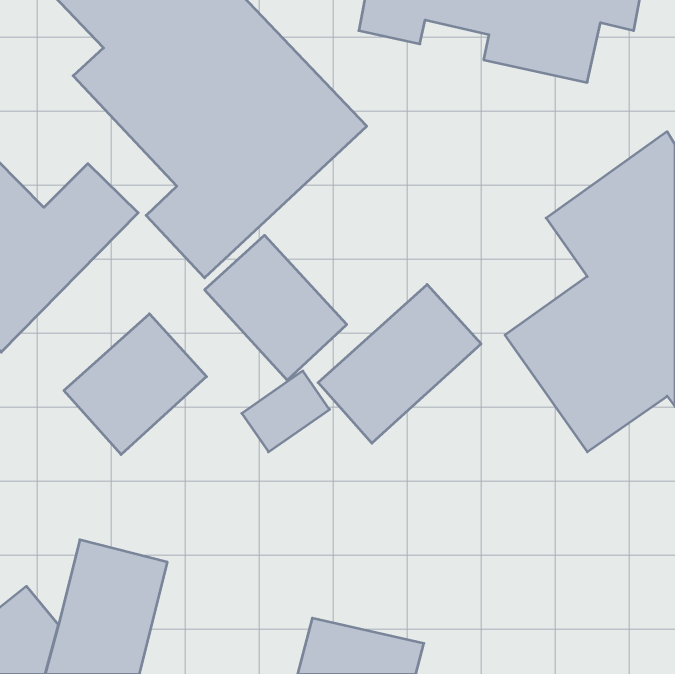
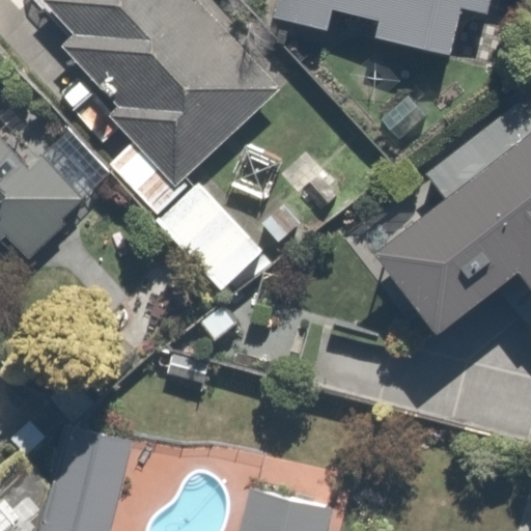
building: [318,284,481,443] -> none
building: [64,314,207,455] -> none

